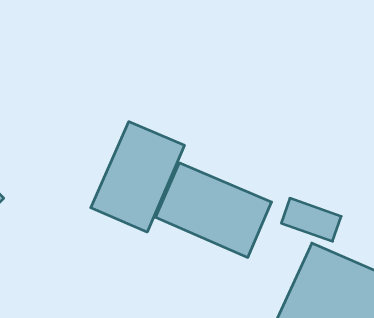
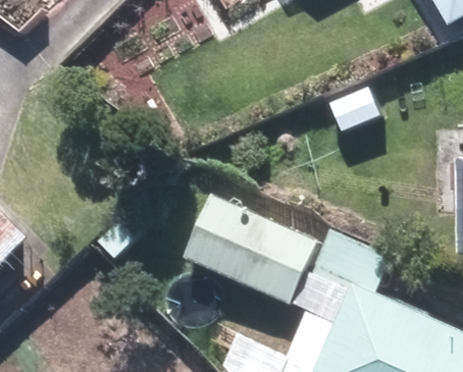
building: [91,122,184,232] -> none

